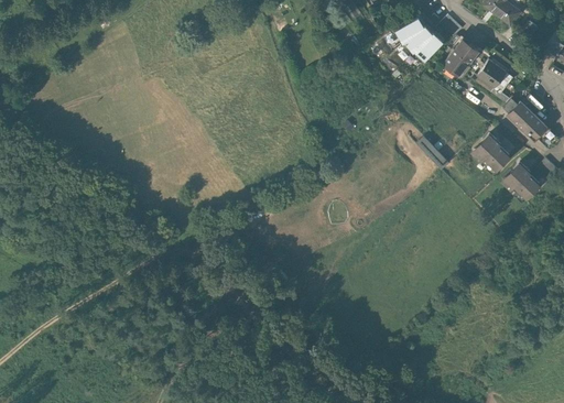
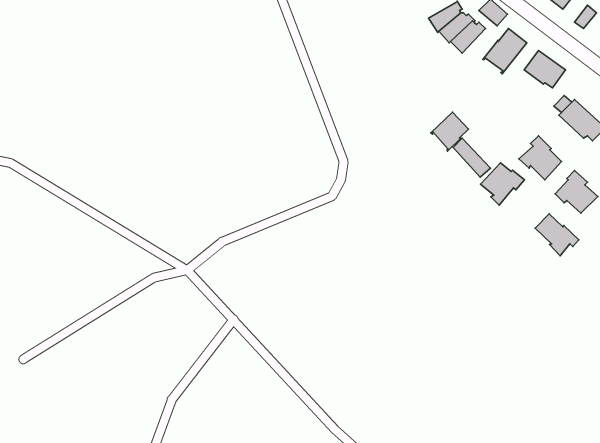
building: none -> [431,112,469,151]
building: none -> [481,163,524,205]
building: none -> [535,214,579,256]

